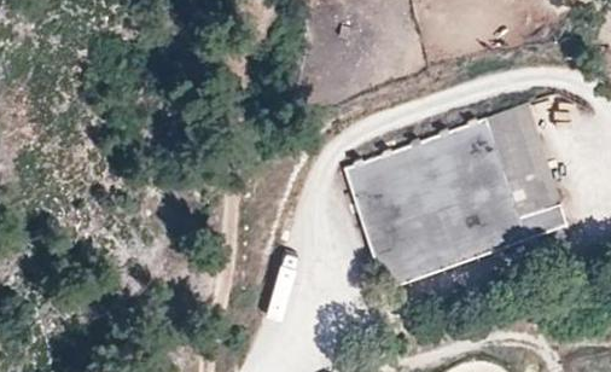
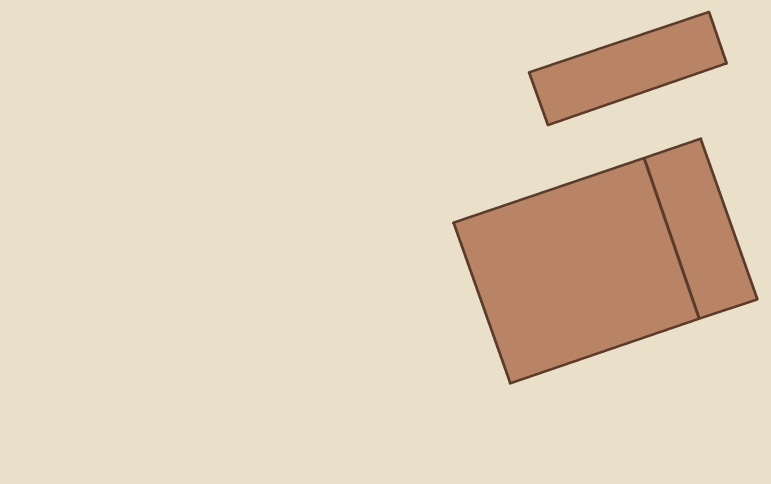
building: none -> [529,12,726,125]

